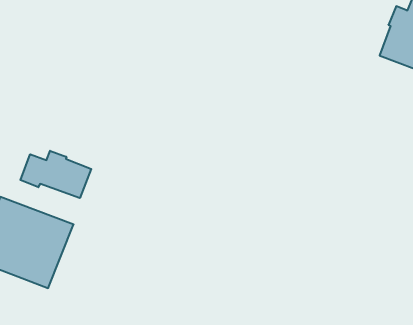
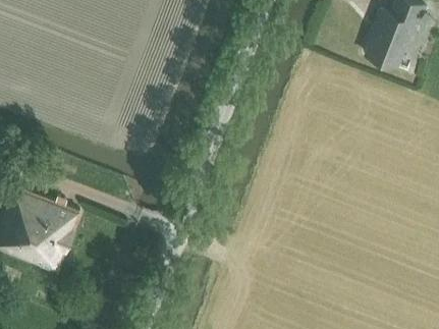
building: [20,151,91,198] -> none

